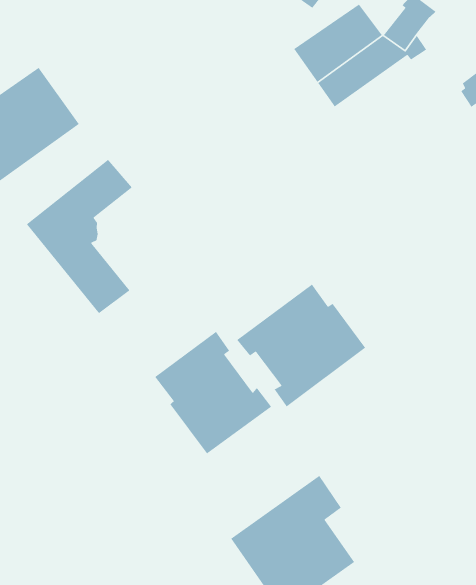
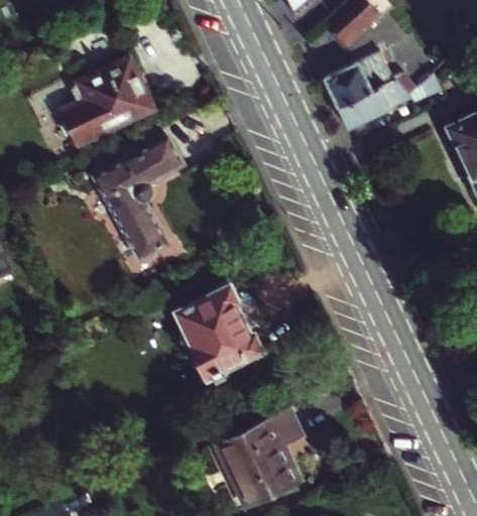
building: [236,284,366,408] -> none

